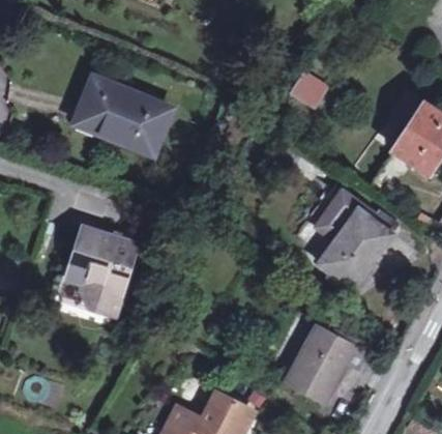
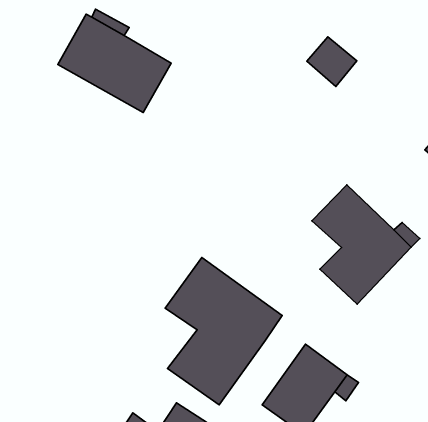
building: [66,229,137,308] -> none
building: none -> [165,258,282,405]

